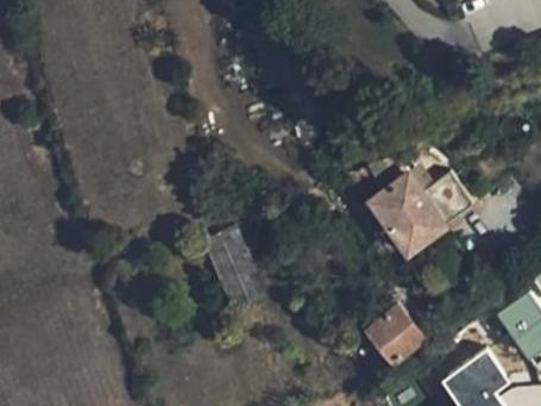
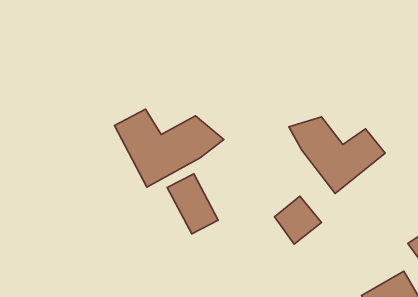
building: none -> [114,109,224,187]
building: [365,306,422,364] -> [274,196,322,244]

